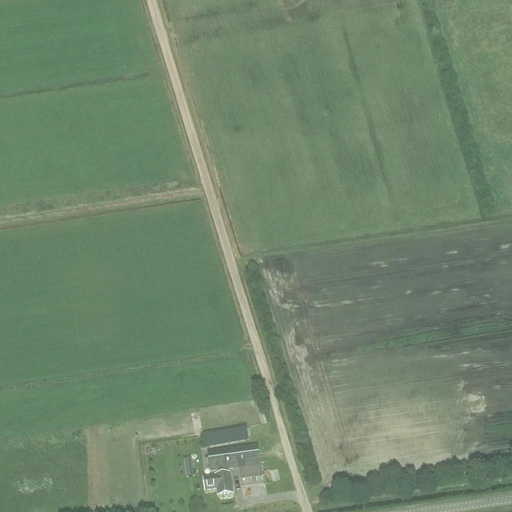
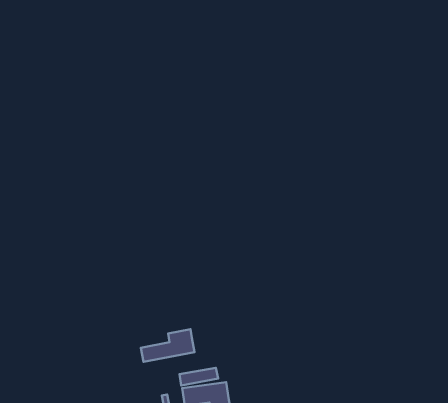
building: none -> [141,329,194,362]

